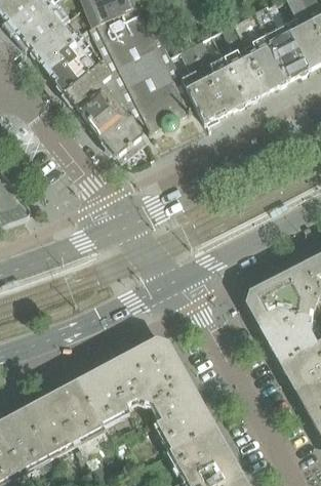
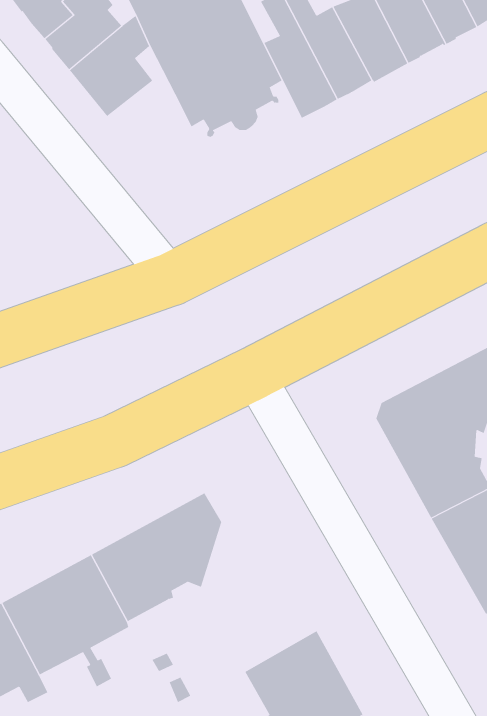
building: [88,98,146,159] -> none
building: [145,338,213,450] -> none

